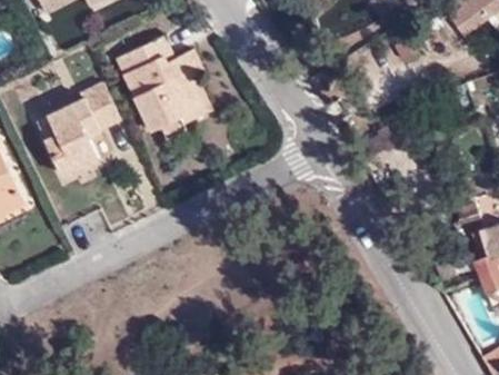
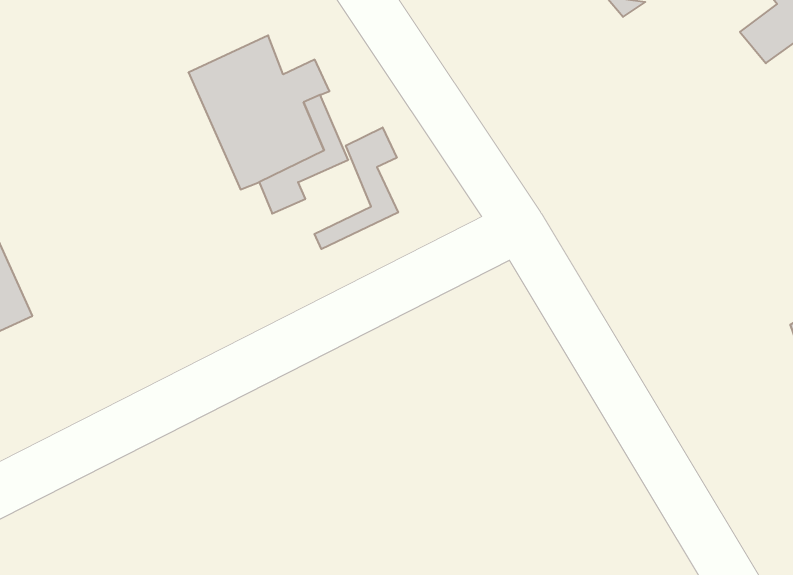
building: [30,77,118,170] -> none
building: none -> [314,127,398,249]

